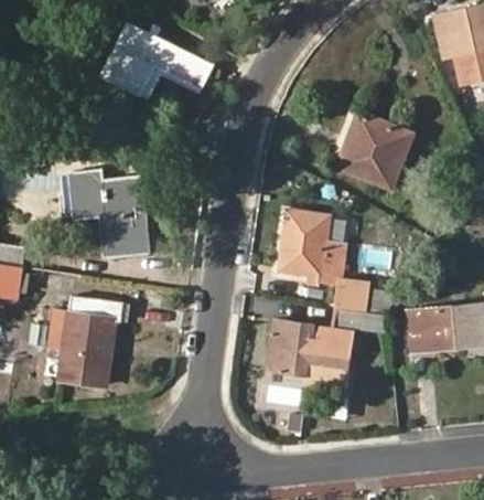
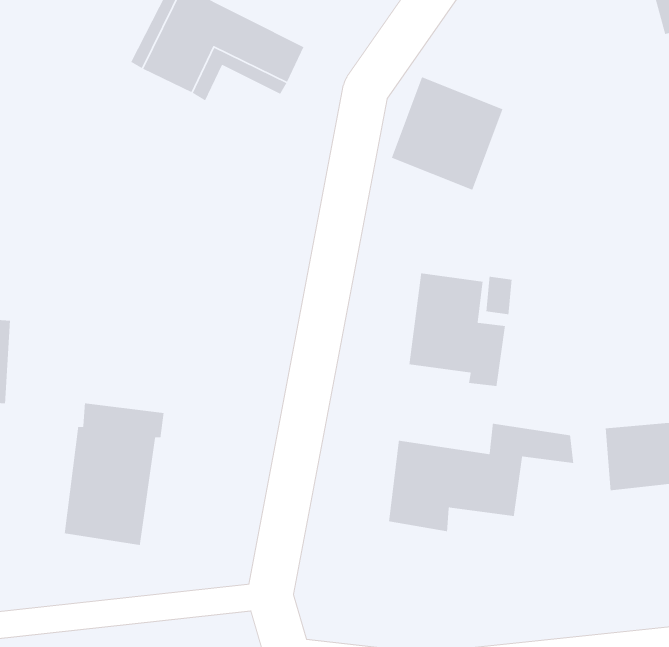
building: [337,113,410,187] -> [391,76,504,191]
building: [67,169,148,257] -> none
building: [334,285,391,316] -> none

